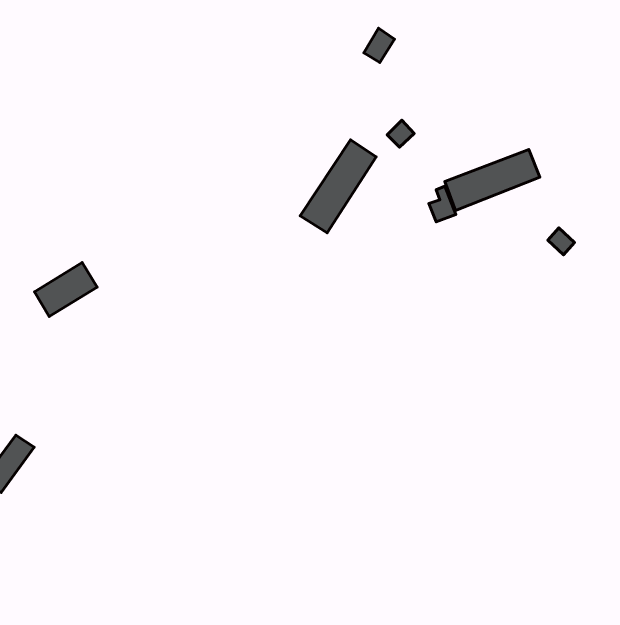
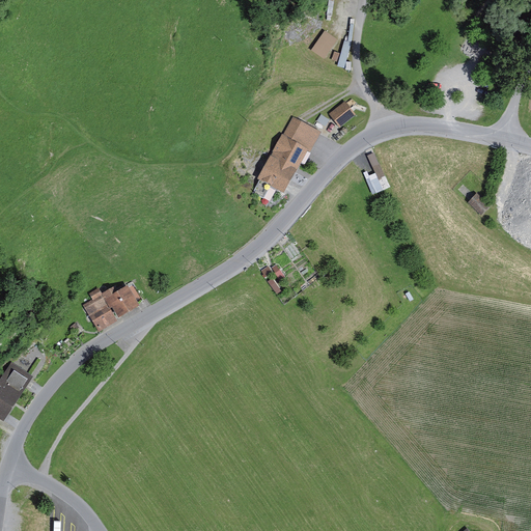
building: [445,150,540,210] -> none
building: [35,263,97,317] -> [84,283,137,329]

